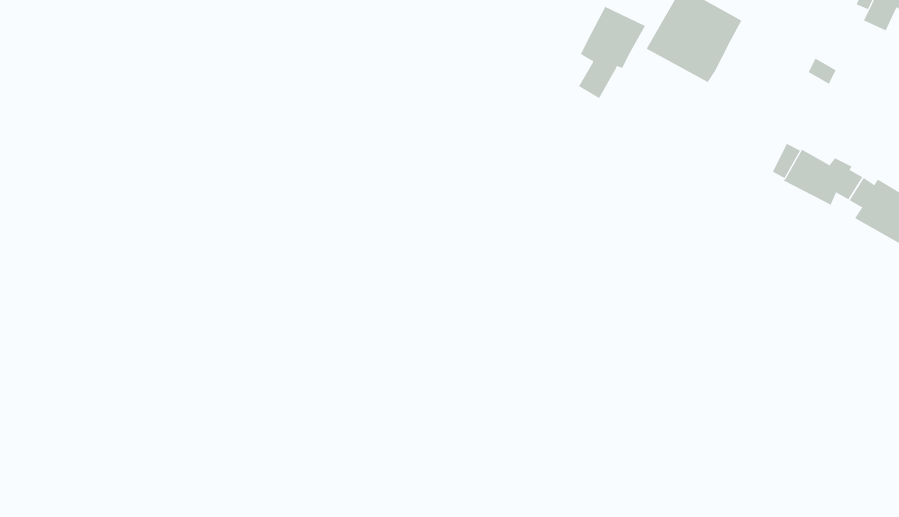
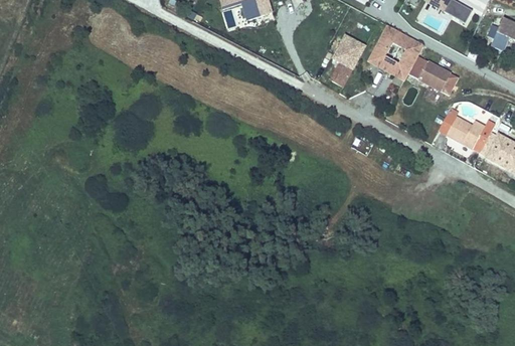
building: none -> [407,55,450,91]

